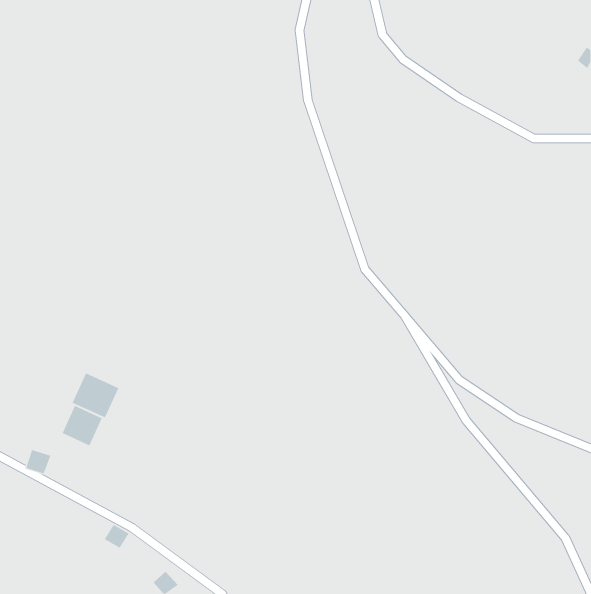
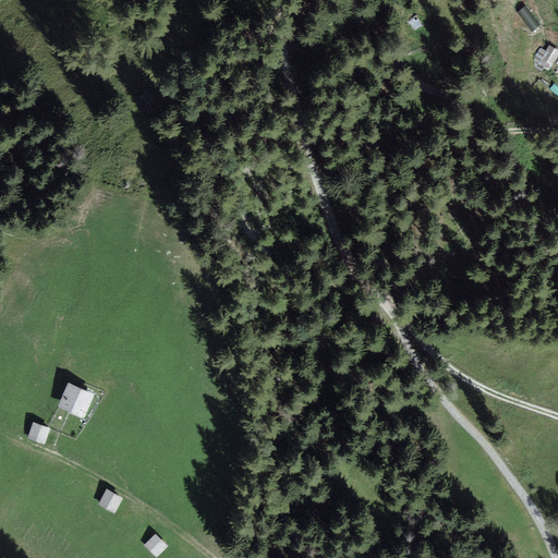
building: [72,373,119,418] -> none

